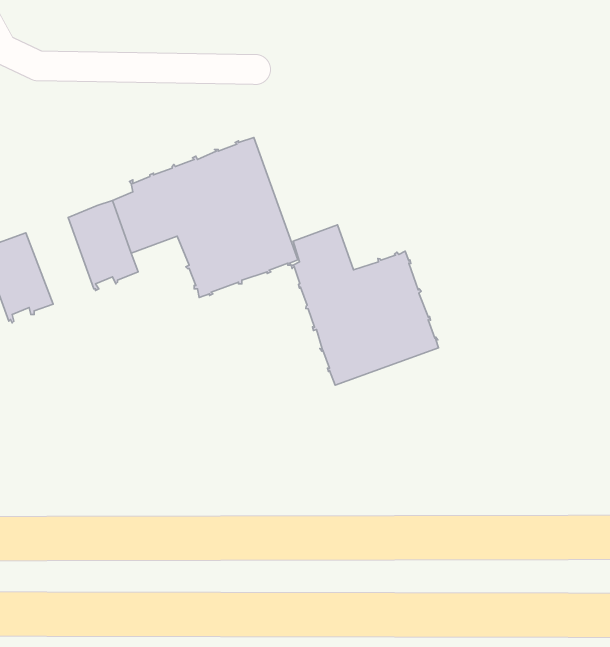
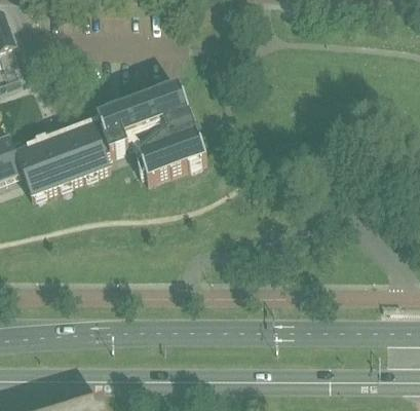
building: none -> [41,135,82,188]
building: [291,225,439,385] -> none

